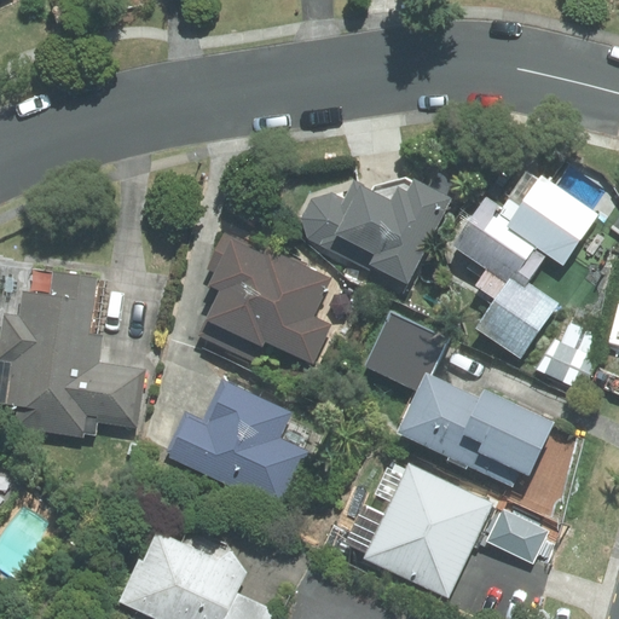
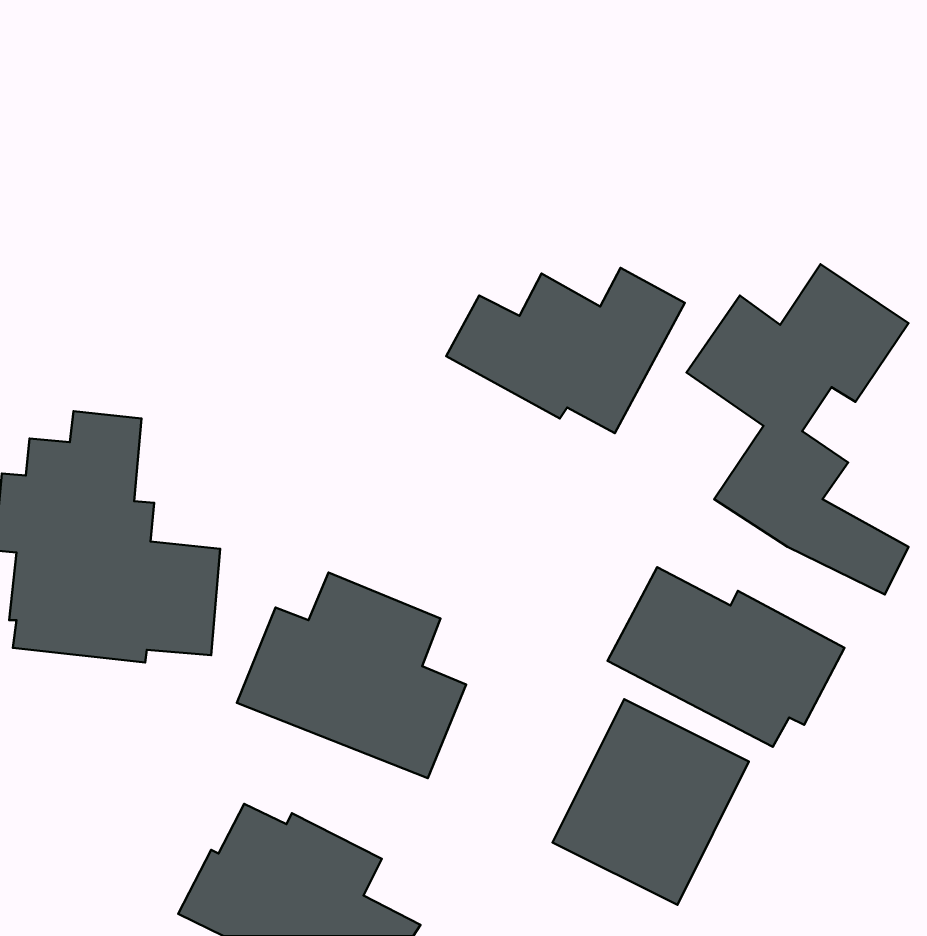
building: [193,236,332,369] -> none
building: [357,307,450,397] -> none
building: [484,507,550,565] -> none

